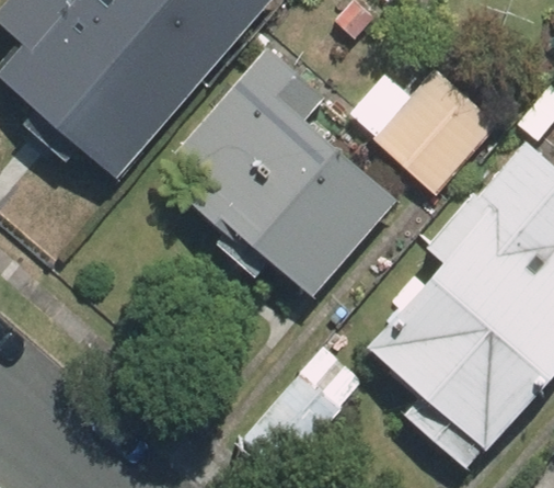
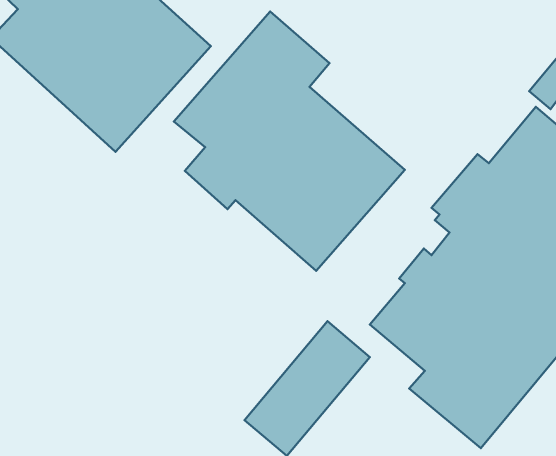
building: [354,69,498,195] -> none

